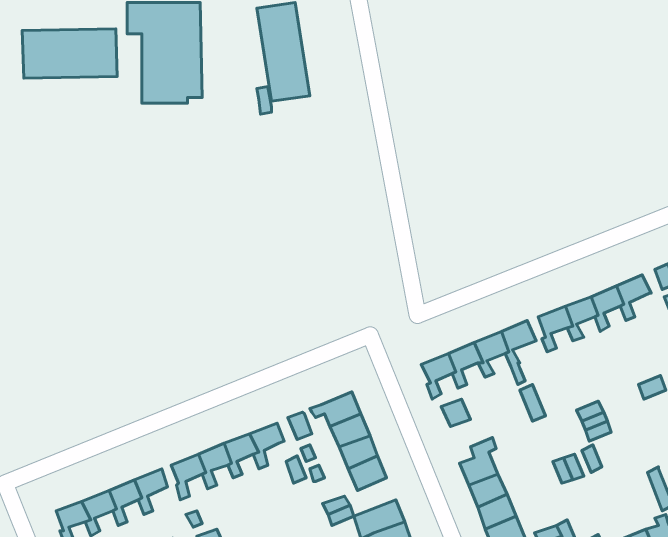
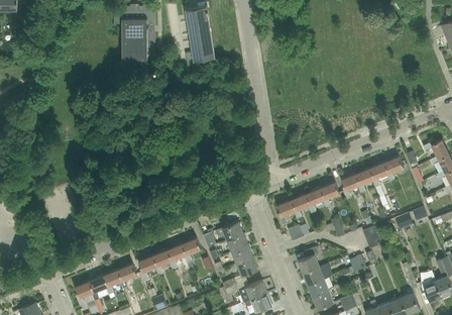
building: [22,29,117,78] -> none

